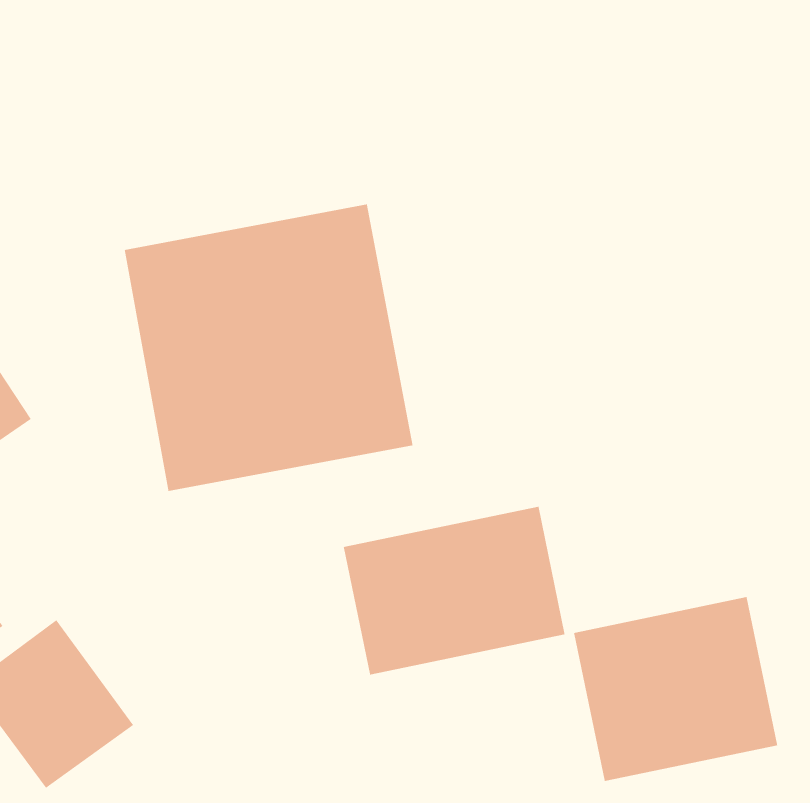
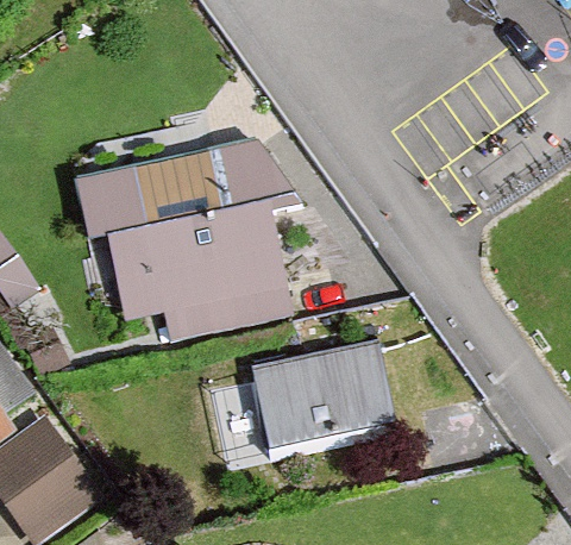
building: [573,596,778,782] -> none

